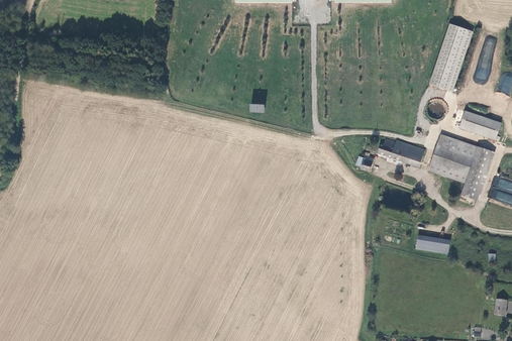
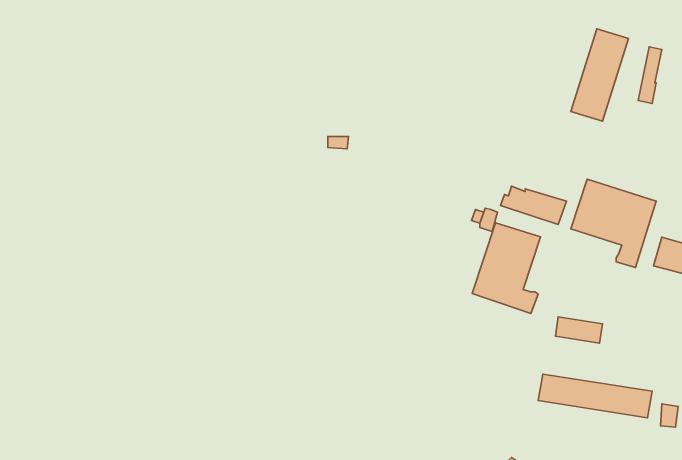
building: [459,110,502,138] -> none
building: none -> [472,223,540,314]
building: none -> [538,374,652,418]

